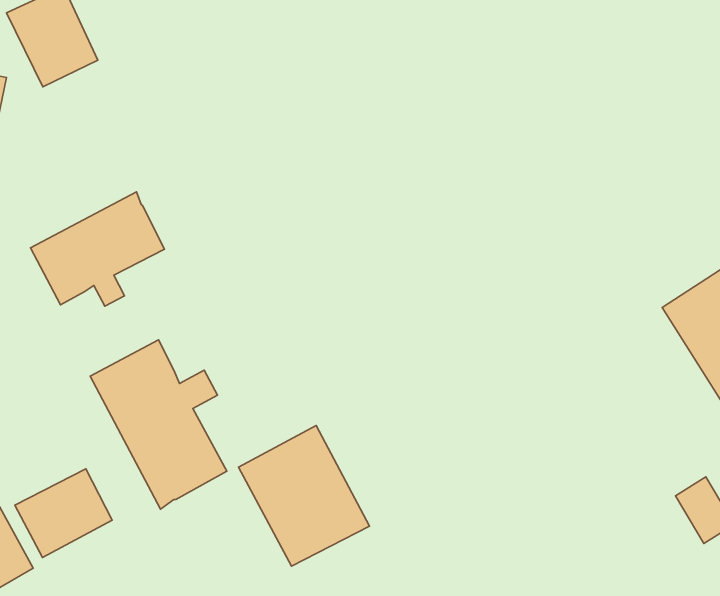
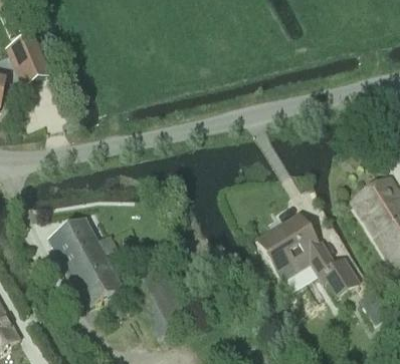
building: [30,192,165,306] -> none
building: none -> [257,216,356,294]
building: [15,469,112,557] -> none

